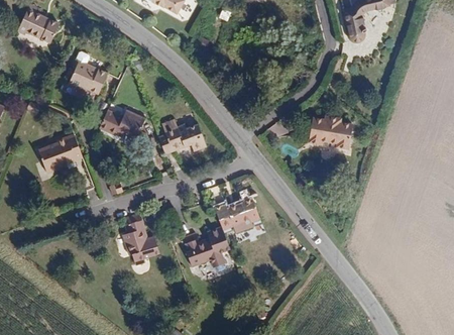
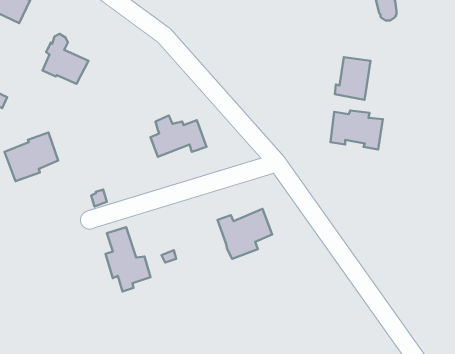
building: none -> [335,57,370,100]
building: [100,110,145,140] -> none
building: [183,227,230,267] -> none

